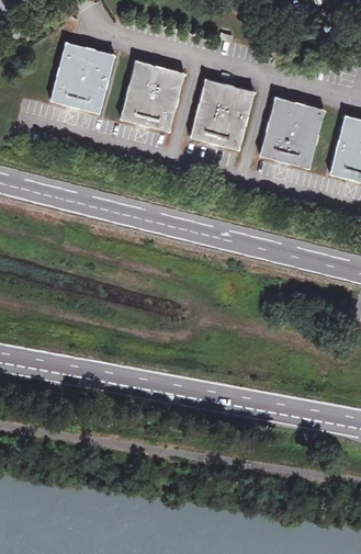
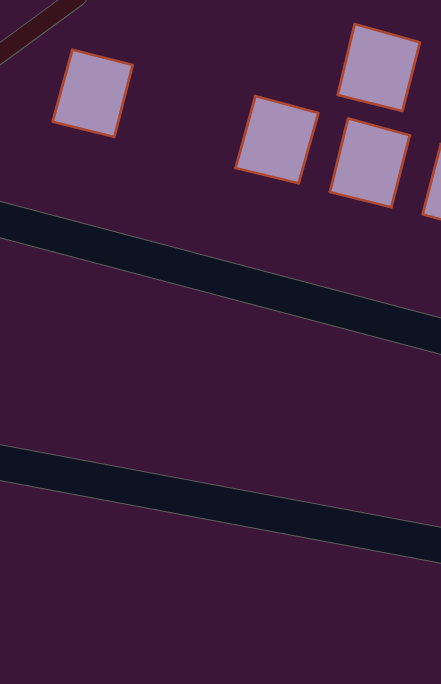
building: none -> [338,24,420,111]
building: [119,61,180,131] -> none

